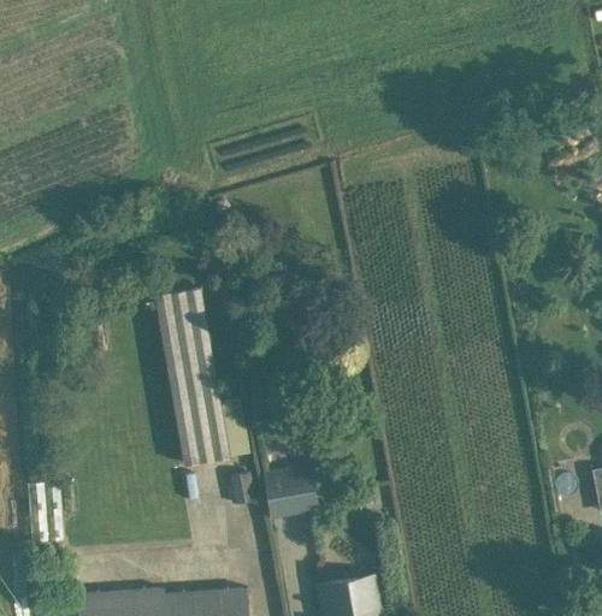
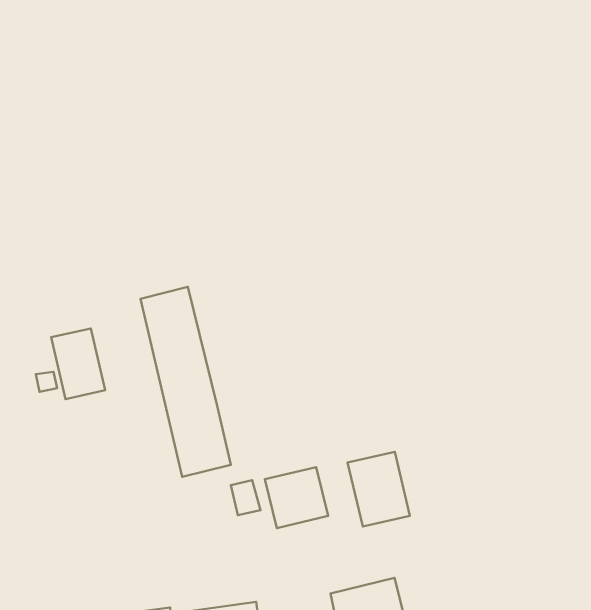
building: none -> [51,328,105,399]
building: none -> [348,452,410,526]

